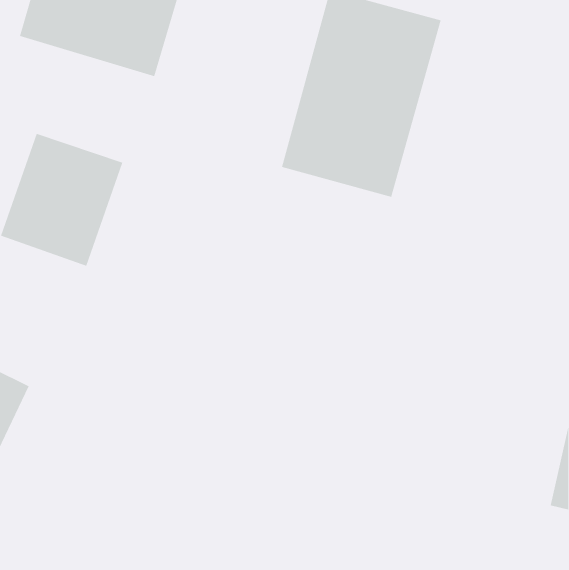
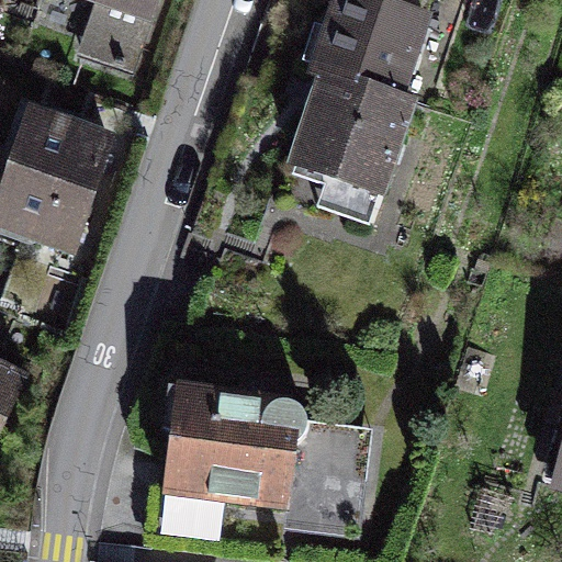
building: none -> [156,376,304,505]

